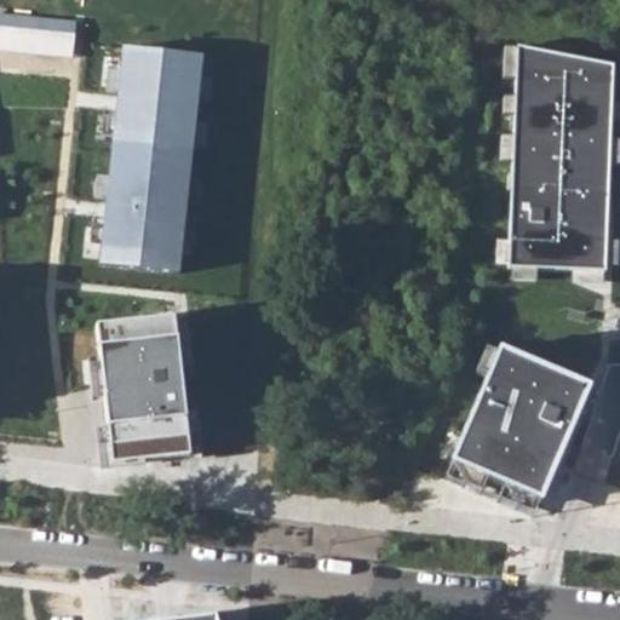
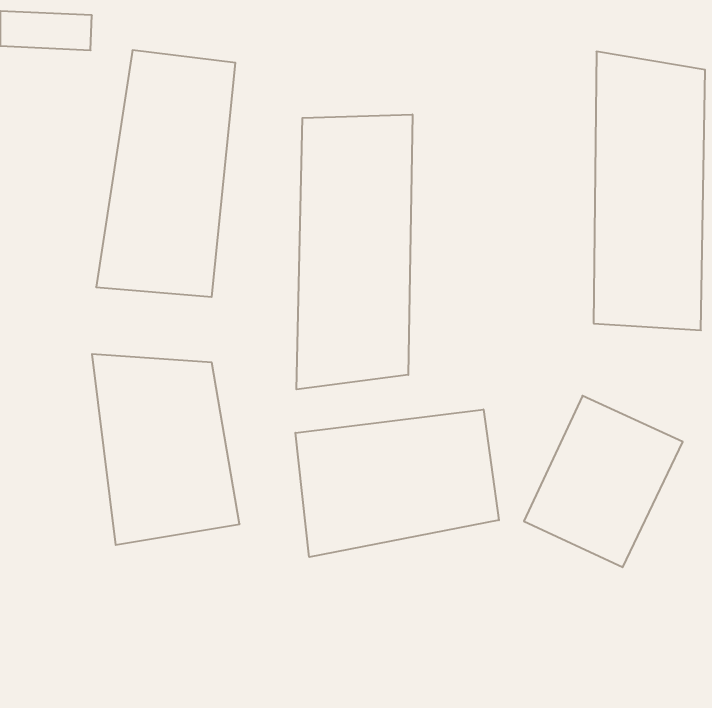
building: none -> [296,114,412,389]
building: none -> [295,409,499,557]

